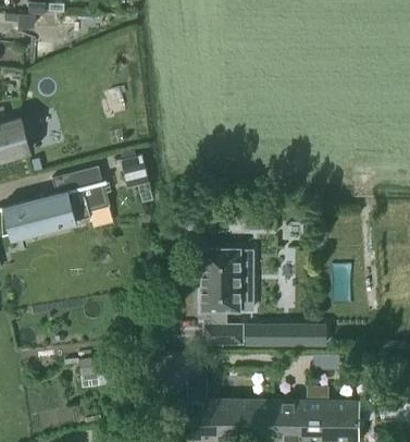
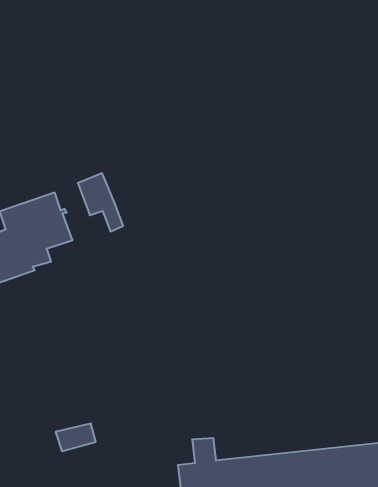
building: [201,249,253,343] -> none
building: [247,324,325,344] -> none

